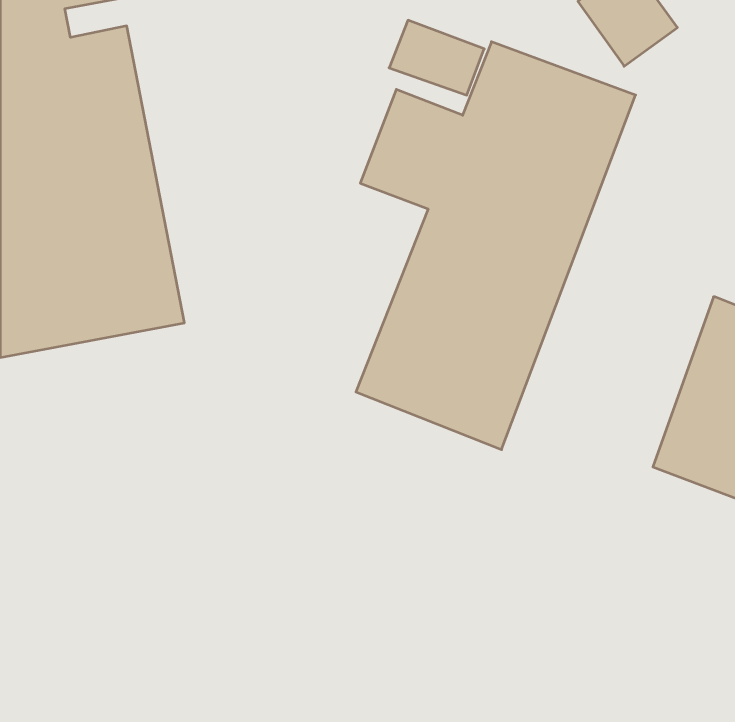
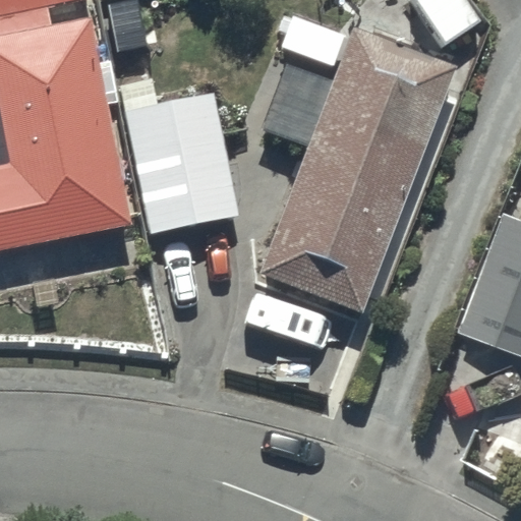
building: none -> [125,92,238,233]

